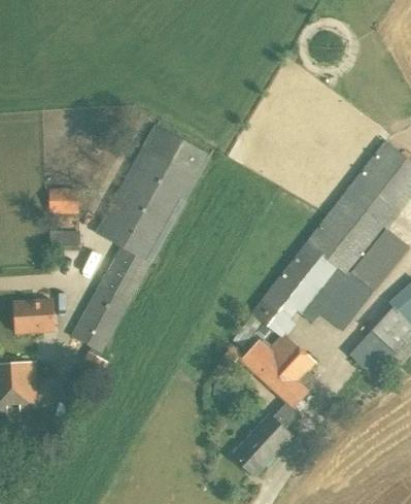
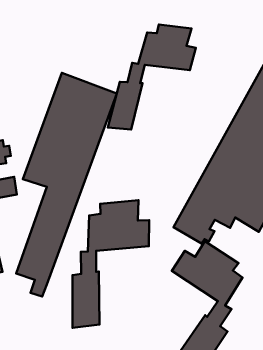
building: none -> [108,24,196,130]
building: none -> [72,200,149,328]

